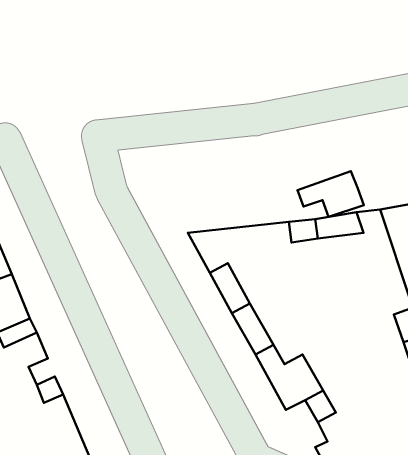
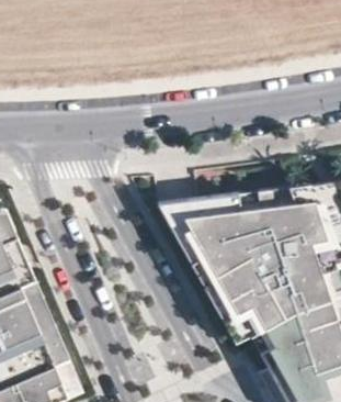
building: [298,171,364,217] -> none

